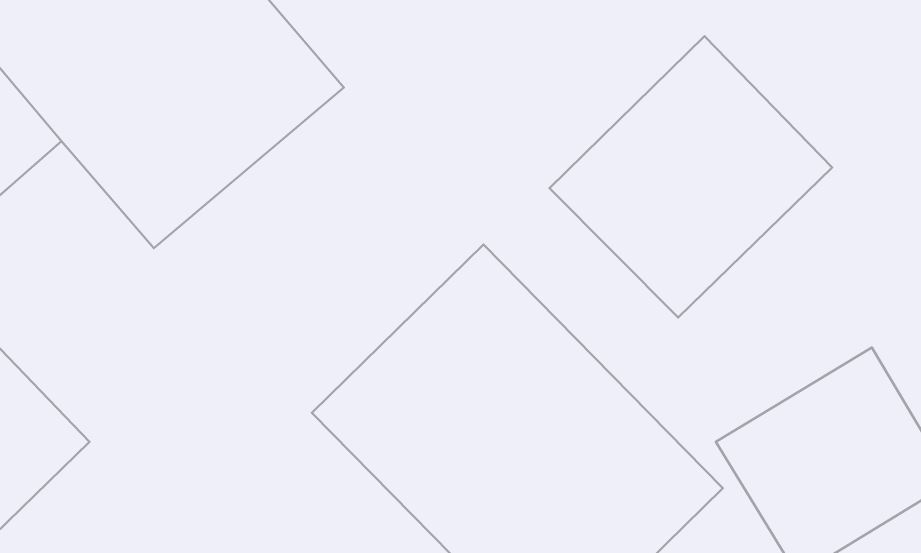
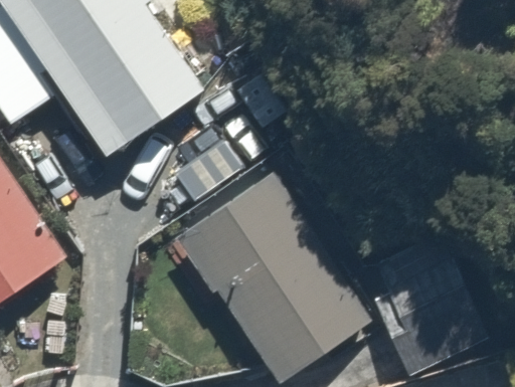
building: [550,36,832,317] -> none

